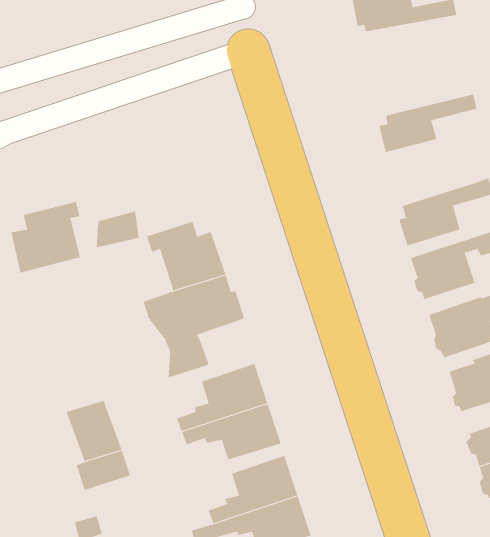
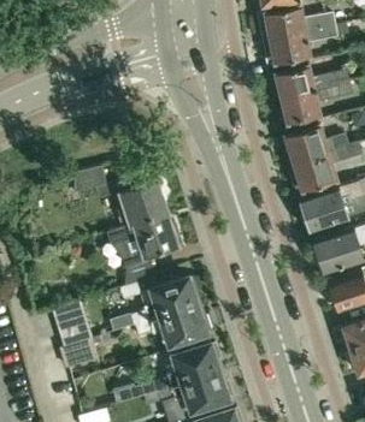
building: none -> [264,24,348,64]
building: none -> [270,66,346,99]
building: none -> [281,125,347,164]
building: [11,201,81,273] -> none

